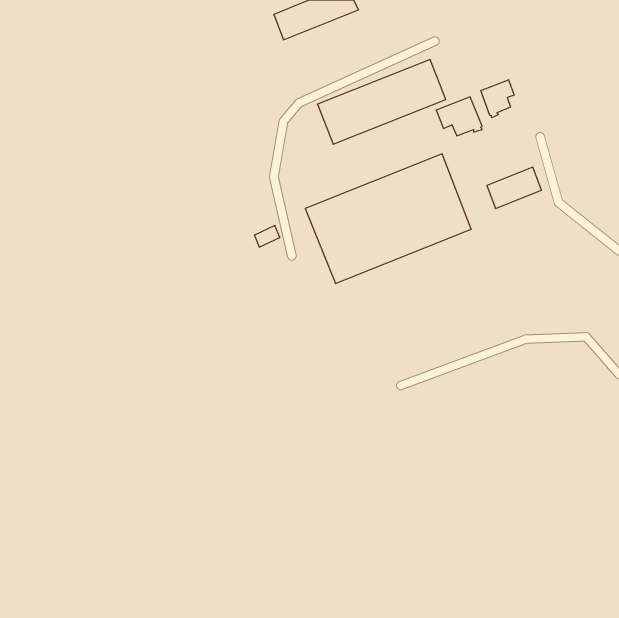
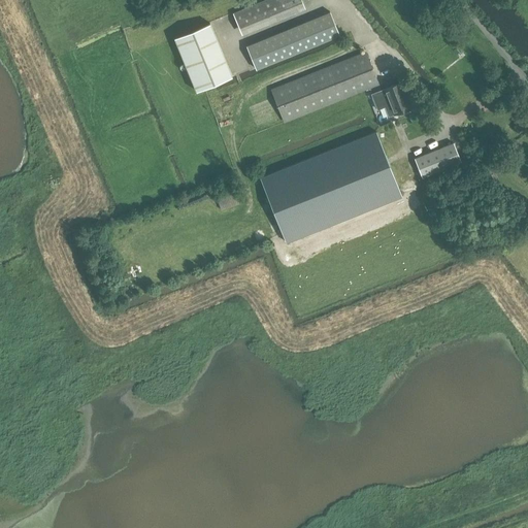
building: none -> [246,12,339,70]
building: none -> [174,24,232,92]
building: [481,80,514,118] -> none

